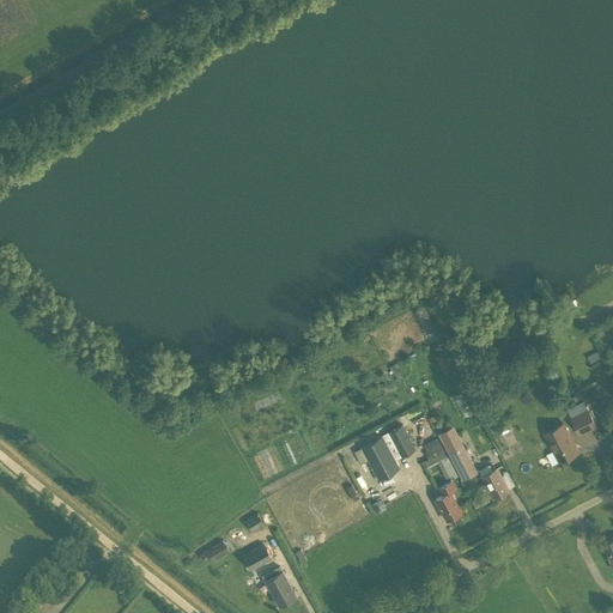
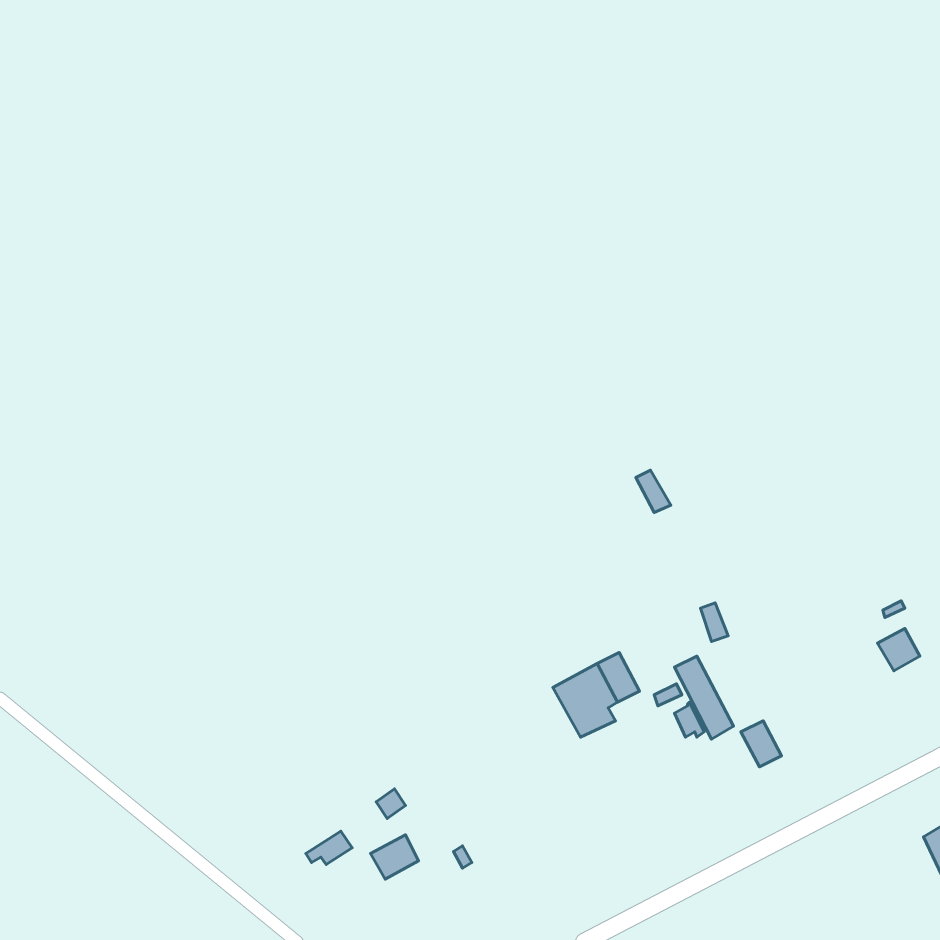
building: [546,425,579,463] -> none
building: [436,482,462,522] -> none
building: [266,571,298,607] -> none

